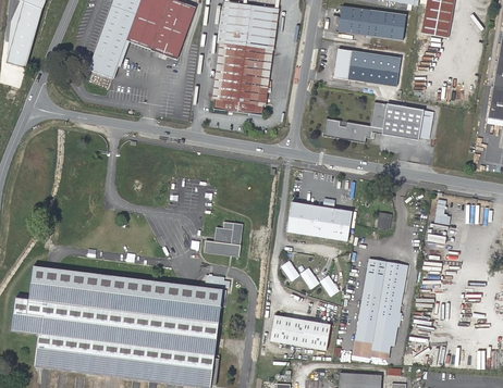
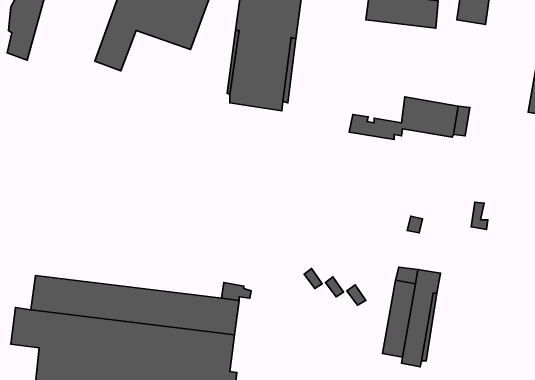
building: [334,49,400,85] -> none
building: [289,200,354,240] -> none
building: [206,222,244,255] -> none
building: [270,313,331,348] -> none
building: [351,338,389,358] -> none

